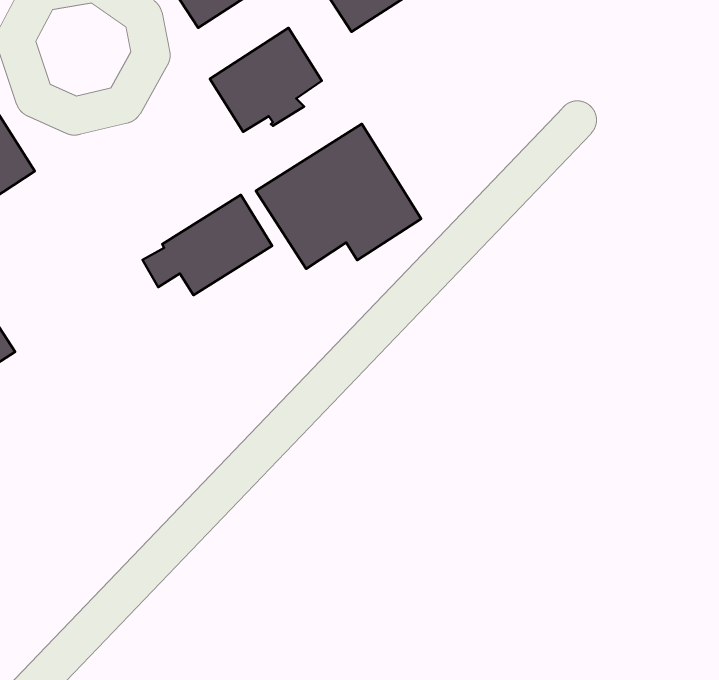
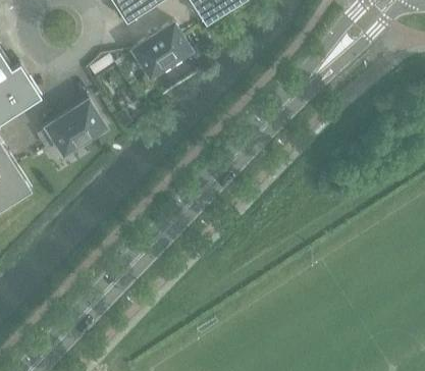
building: [256,124,421,269] -> none
building: [143,195,272,295] -> [38,102,105,154]

